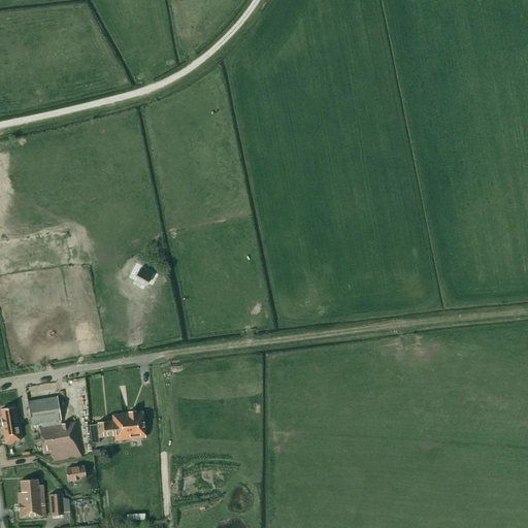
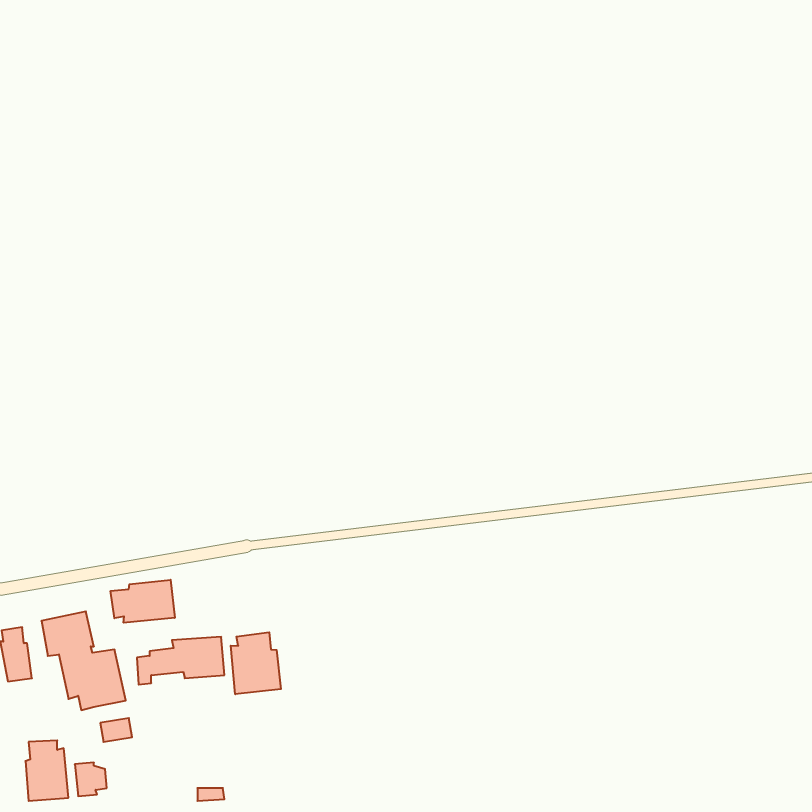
building: none -> [111,580,175,623]
building: none -> [231,632,281,694]

